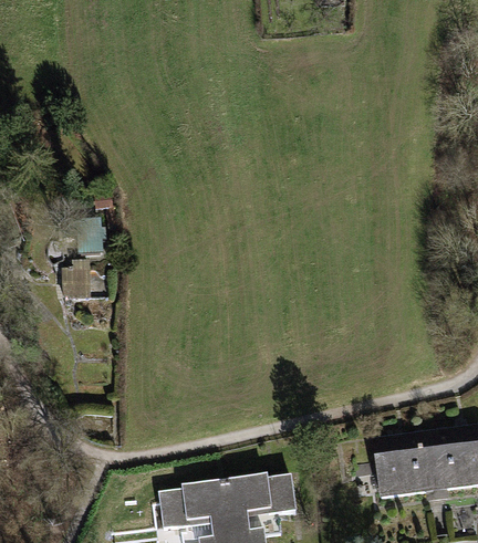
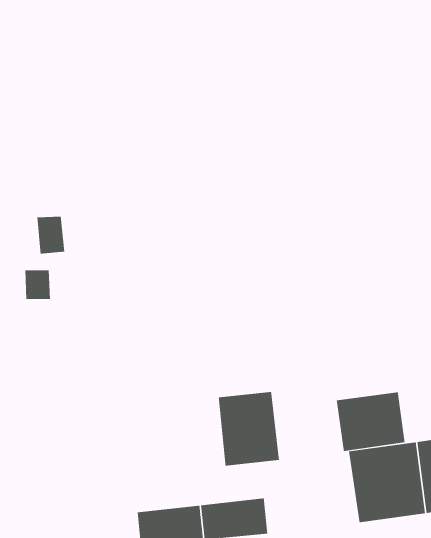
building: none -> [218,391,279,466]
building: none -> [336,392,405,452]

